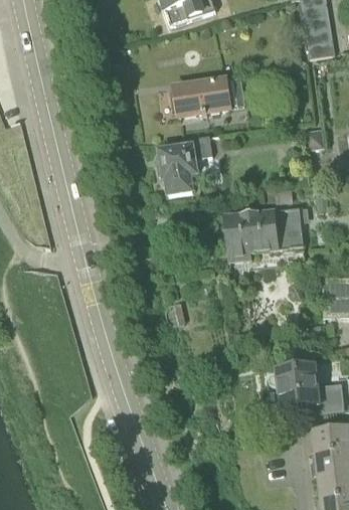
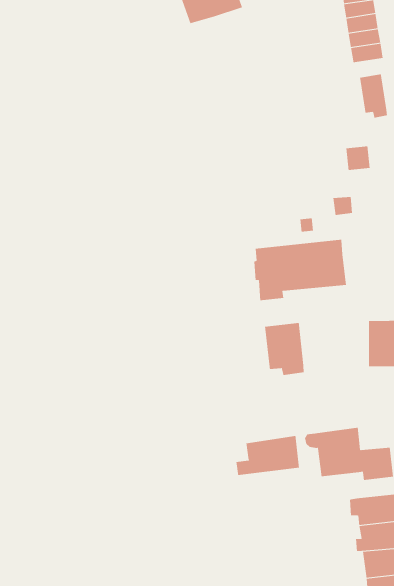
building: none -> [360,73,387,118]
building: [171,77,232,116] -> none
building: [158,135,212,193] -> none
building: none -> [265,322,304,376]
building: none -> [236,435,299,476]

